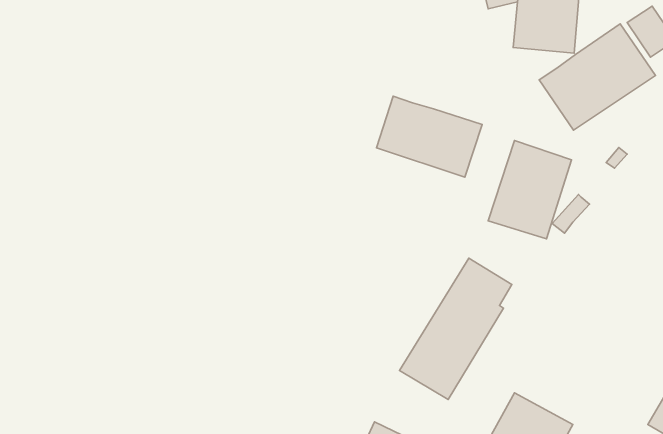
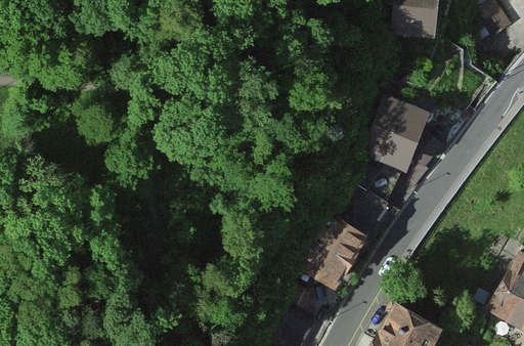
building: [539,24,655,130] -> none
building: [376,96,482,177] -> none

